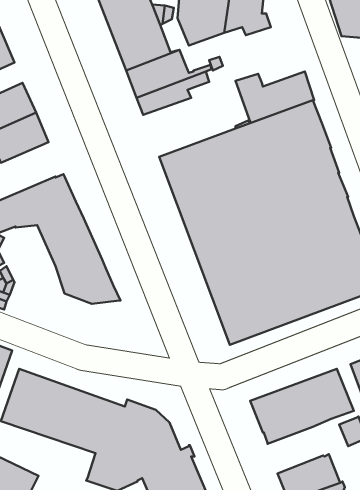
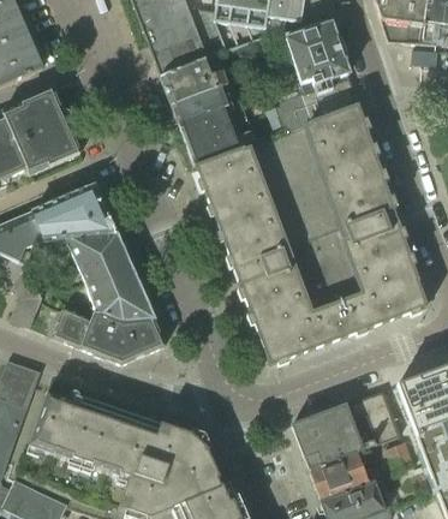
building: none -> [286,23,348,89]
building: none -> [178,100,275,167]
building: none -> [53,311,165,364]
building: none -> [309,452,368,501]

